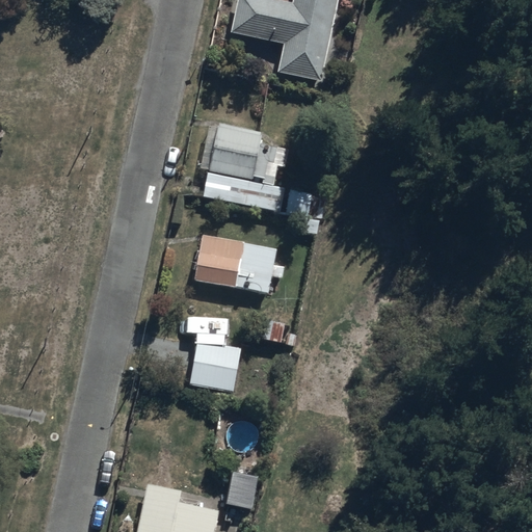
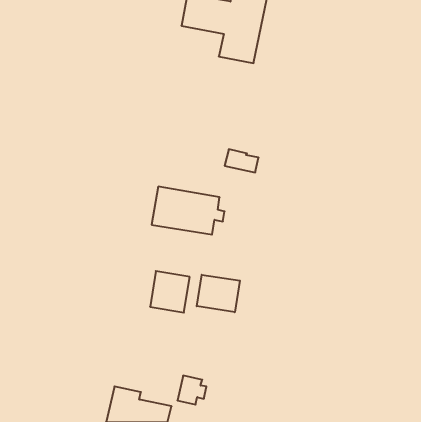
building: [203,125,290,212] -> none
building: none -> [197,275,240,312]

